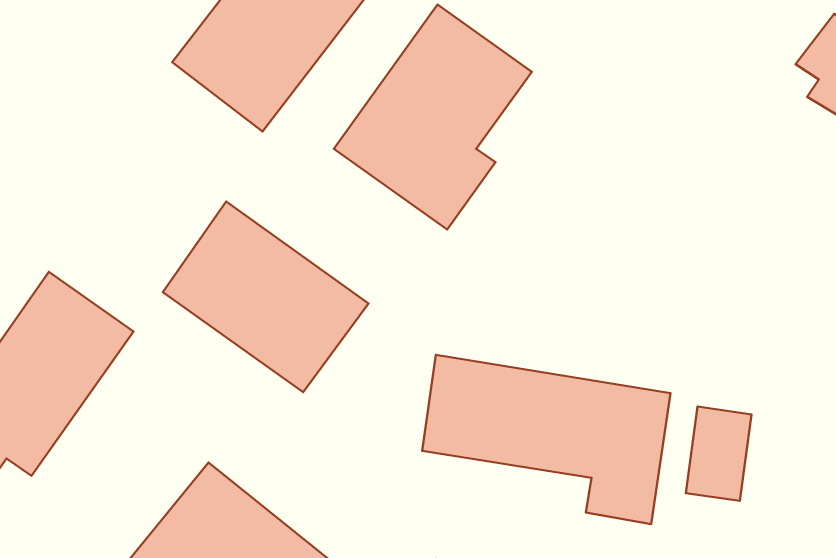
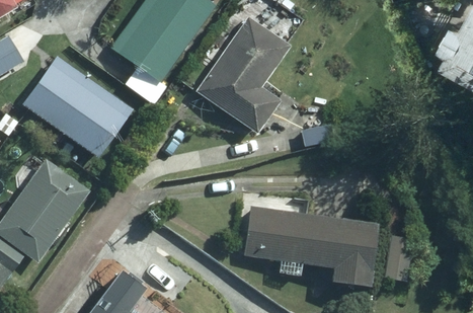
building: [163,202,369,392] -> [23,59,132,159]

